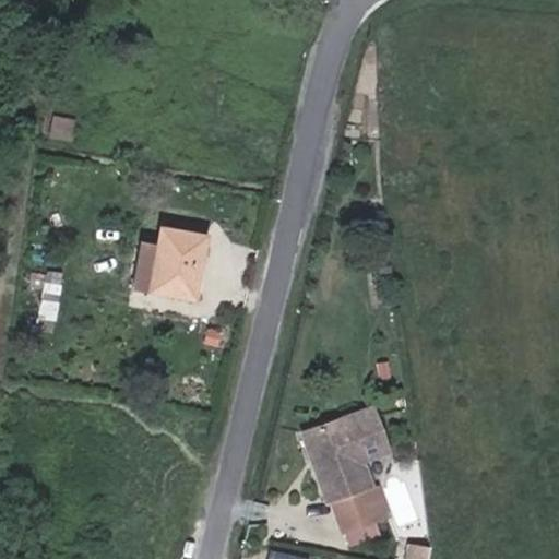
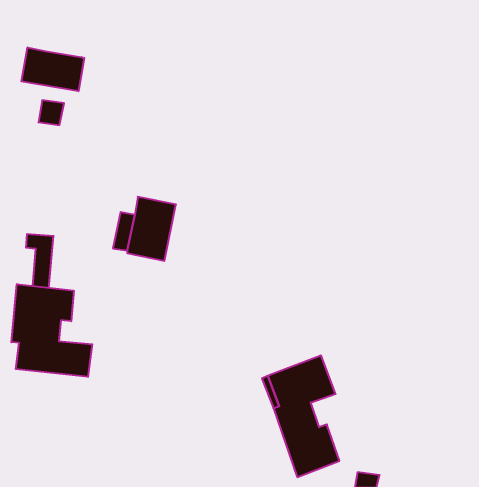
building: none -> [21,47,84,91]
building: none -> [11,284,92,377]

